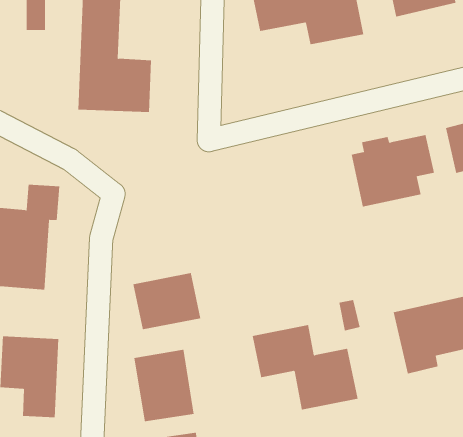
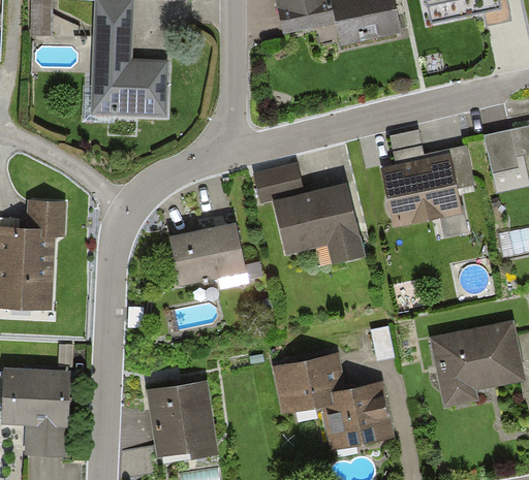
building: none -> [259,166,366,264]
building: [133,273,201,330] -> [170,223,245,285]

